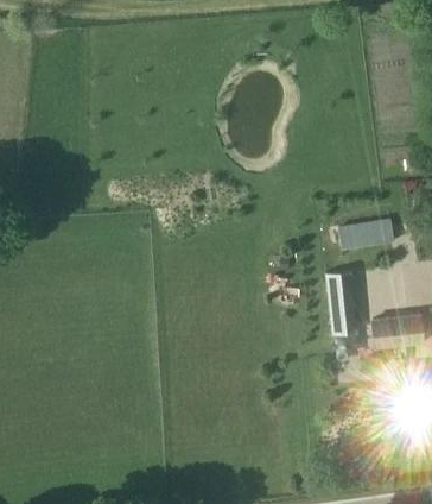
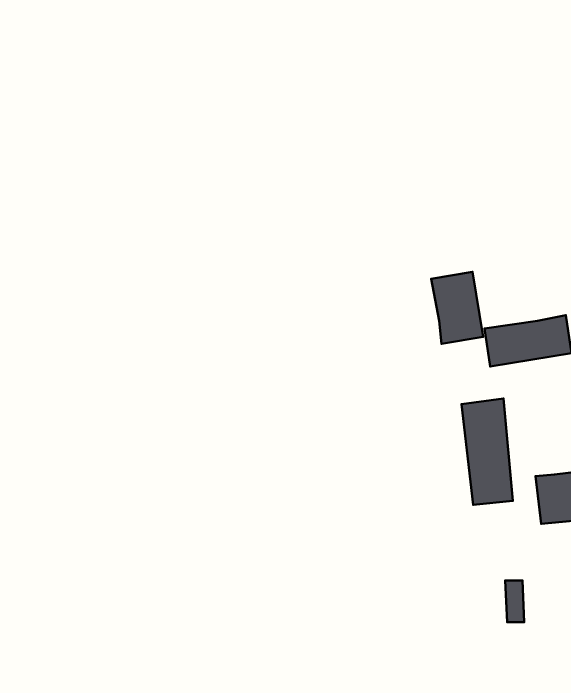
building: none -> [431,272,483,344]

